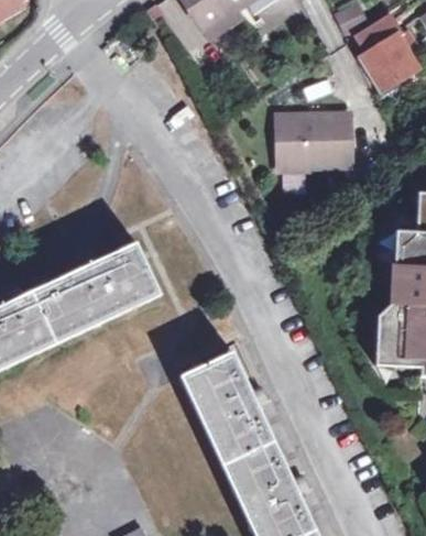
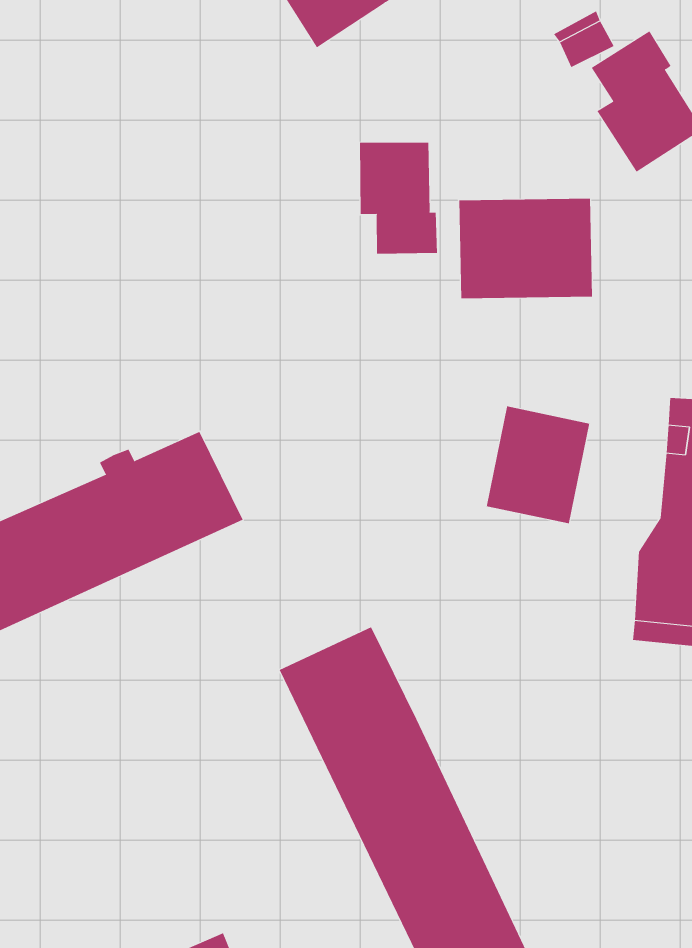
building: none -> [360,142,437,255]
building: none -> [486,406,590,524]

